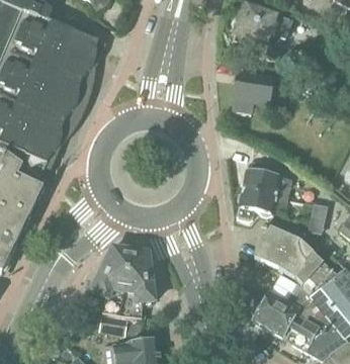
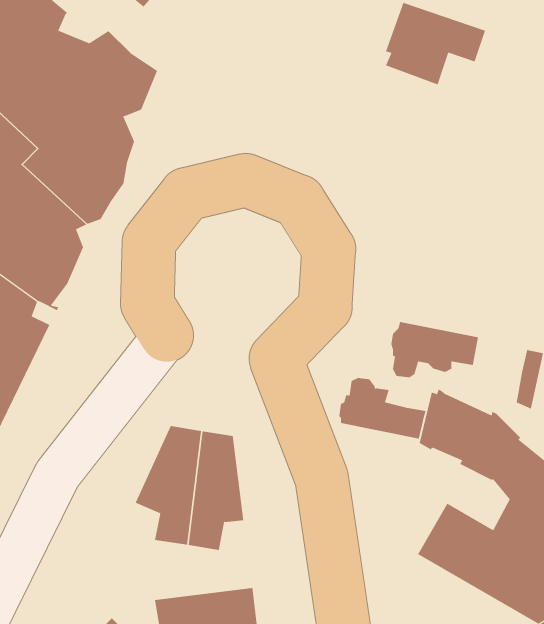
building: [231,72,271,113] -> none
building: [241,160,291,195] -> [338,377,427,439]
building: [99,313,135,333] -> none

